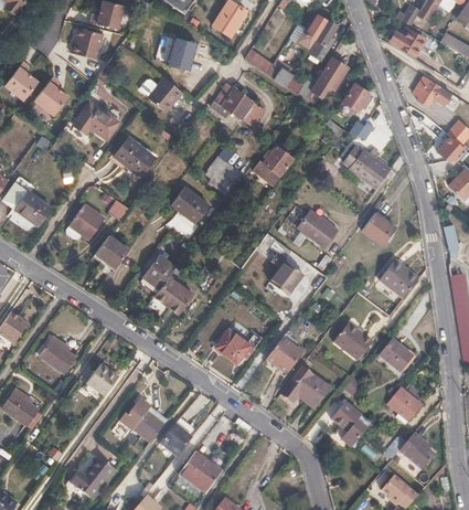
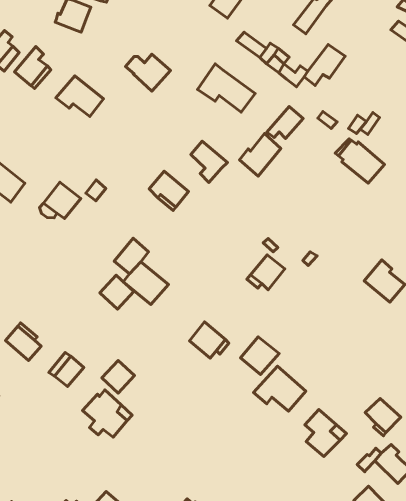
building: [307,20,334,60] -> none
building: [166,35,196,68] -> none
building: [342,82,371,109] -> none
building: none -> [267,107,303,138]
building: [115,137,154,176] -> none
building: [297,209,338,247] -> none
building: [362,211,395,243] -> none
building: [93,233,125,265] -> [100,275,134,309]
building: [334,321,374,360] -> none
building: [377,338,411,371] -> none
building: [160,424,191,455] -> [102,360,135,393]
building: [179,451,221,492] -> none
building: [67,457,114,501] -> none

